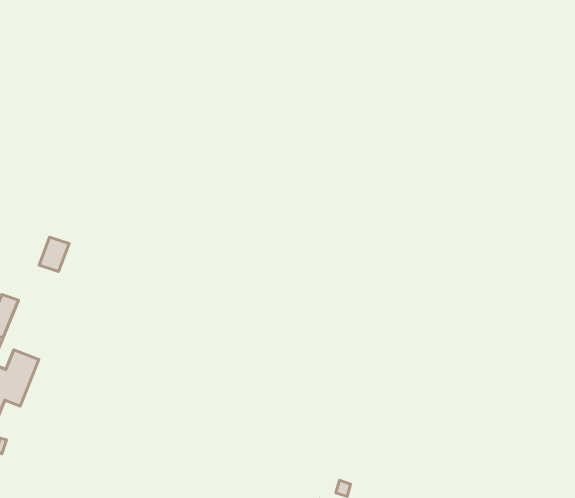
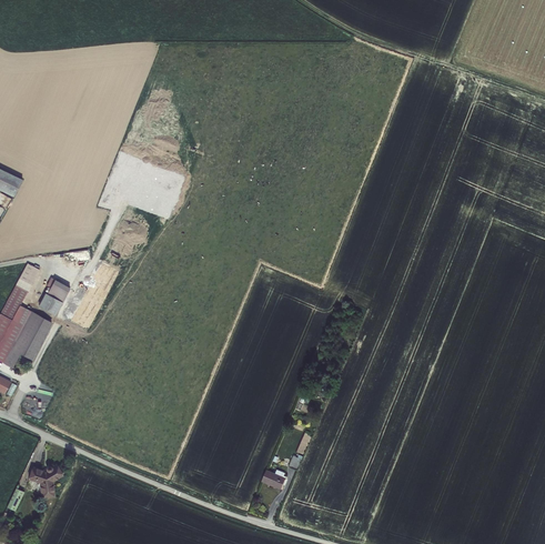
building: [39,237,69,272] -> [42,281,70,311]

